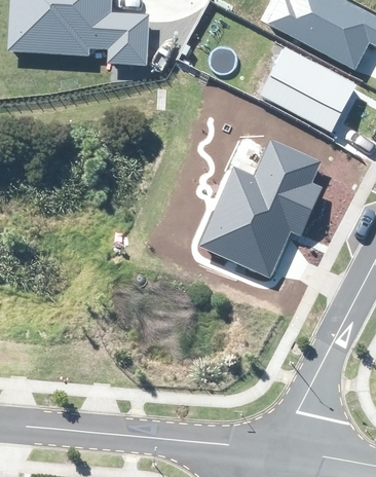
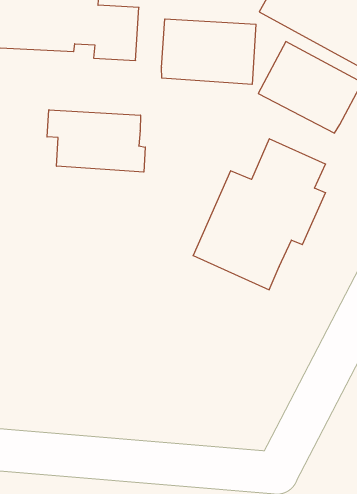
building: none -> [162,19,256,84]
building: none -> [47,110,145,172]

